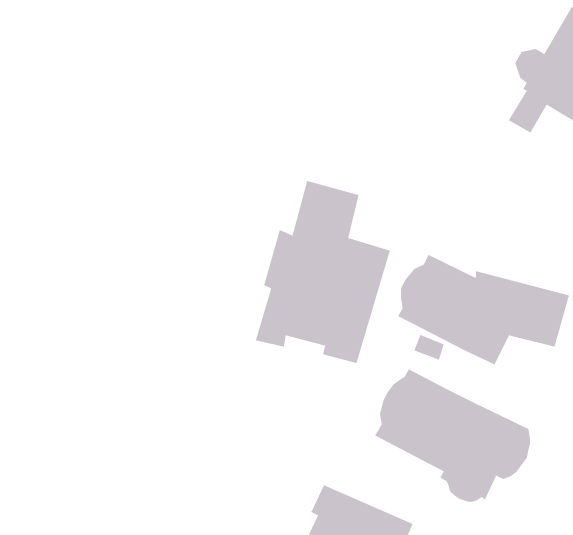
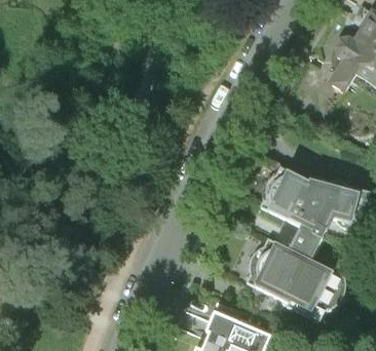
building: [255,180,390,364] -> none
building: none -> [291,227,322,260]

